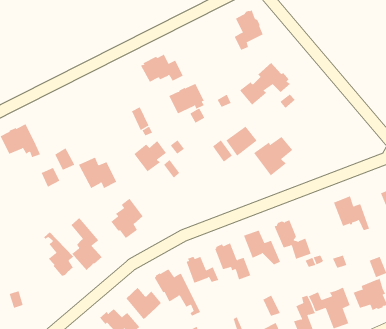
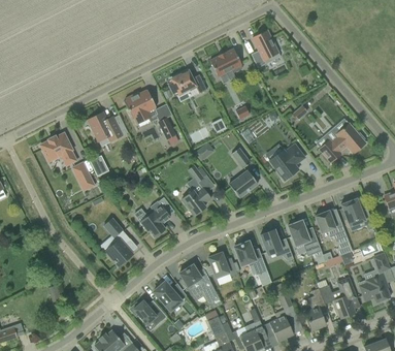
building: [239,62,291,105] -> [320,123,366,162]
building: none -> [124,90,158,124]
building: [168,83,205,114] -> [209,49,242,76]
building: [225,126,257,157] -> [229,170,258,198]
building: [134,140,167,172] -> [182,187,211,216]
building: [73,157,117,189] -> [83,113,123,141]
building: none -> [315,210,348,243]
building: [44,231,74,277] -> none

